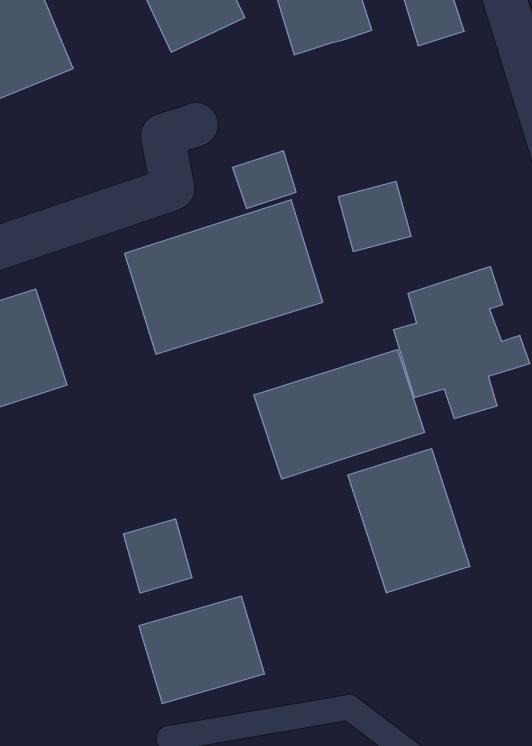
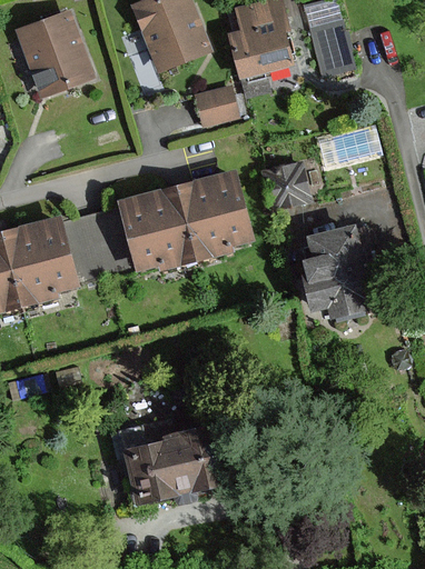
building: [232,151,296,209] -> [197,87,238,123]
building: [254,350,425,479] -> none
building: [348,449,470,593] -> none
building: [124,519,192,593] -> none

